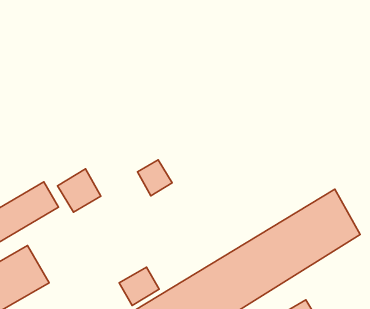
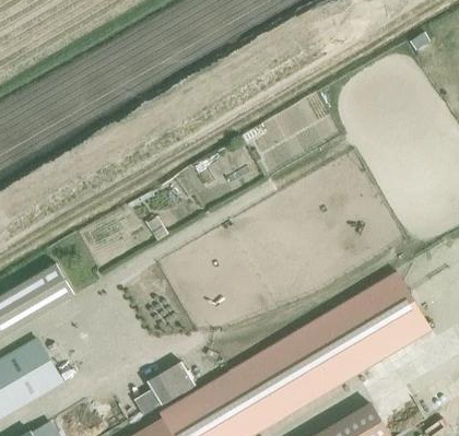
building: [137,160,172,196] -> none
building: [58,169,101,212] -> none

